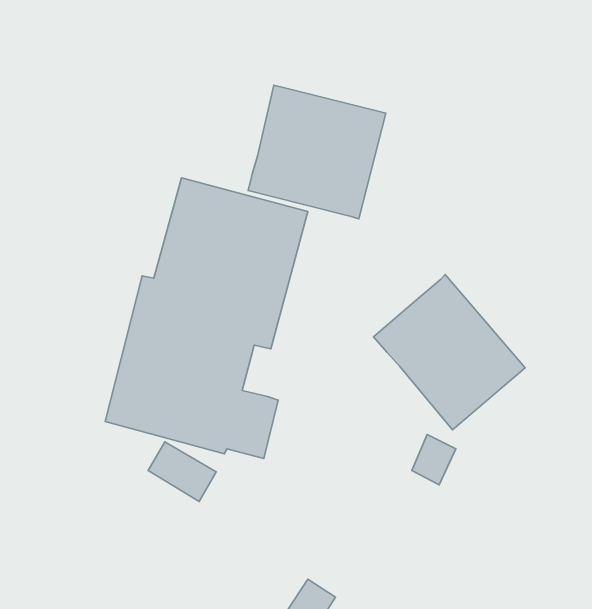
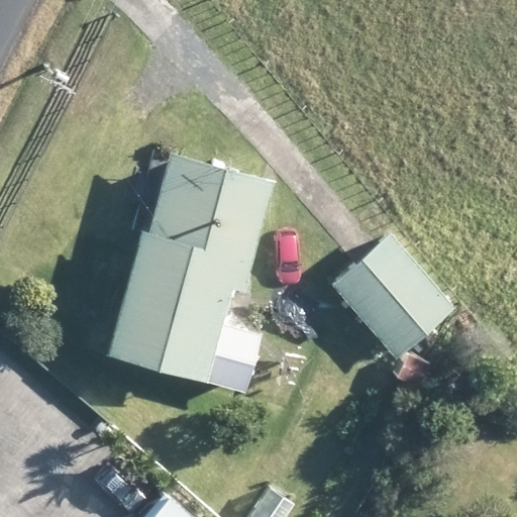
building: [248,85,386,219] -> none

